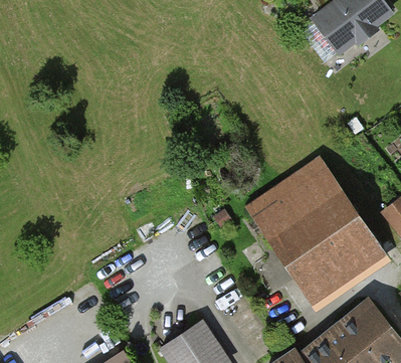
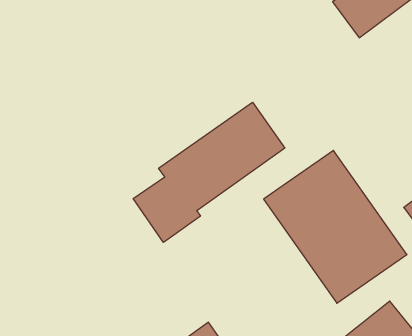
building: none -> [133,102,285,242]

